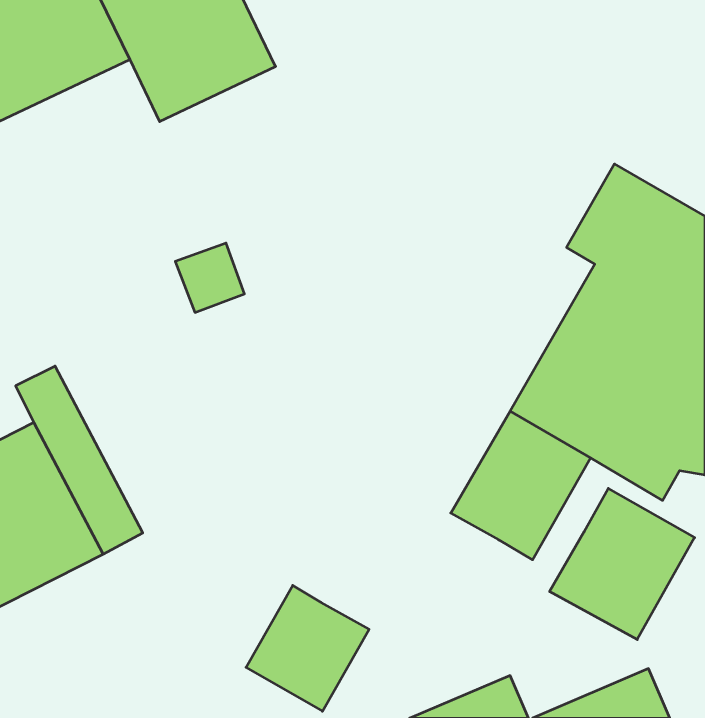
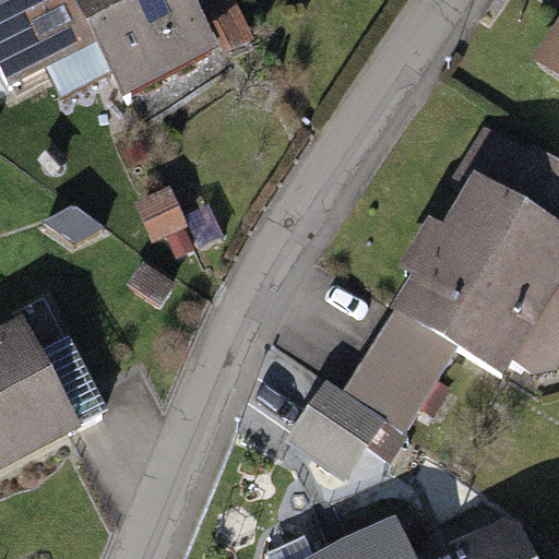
building: [550,488,695,640] -> none
building: [246,585,369,711] -> [290,383,385,480]

